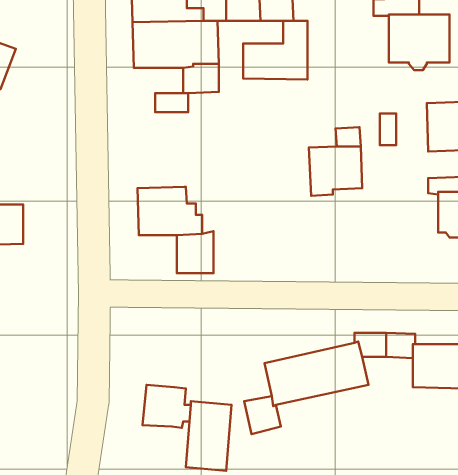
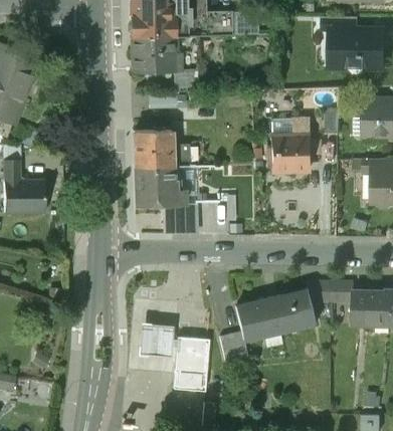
building: [243,21,307,80] -> none
building: none -> [134,130,172,167]

